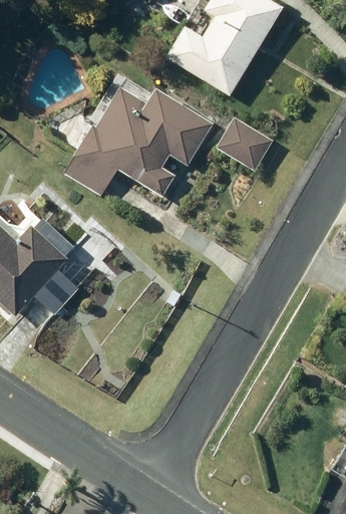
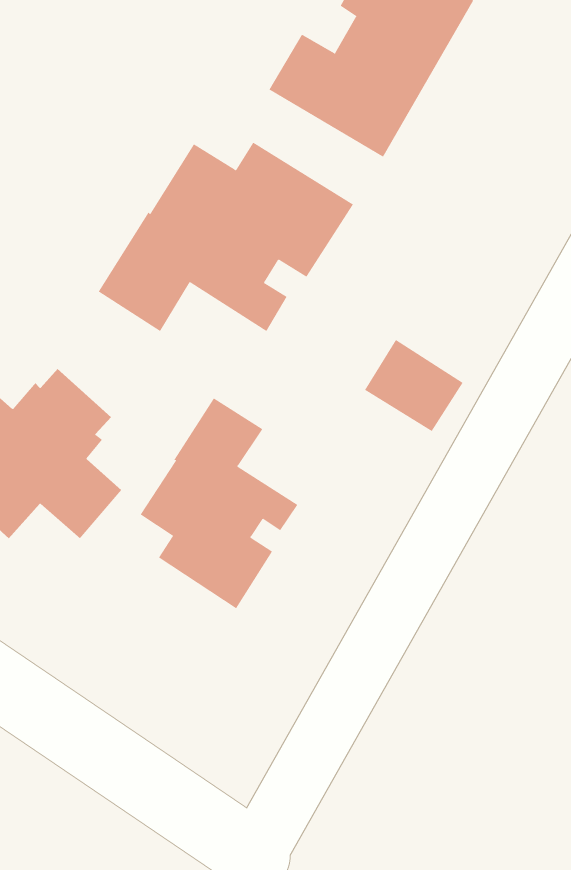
building: [217,117,274,171] -> [364,339,464,432]
building: none -> [140,397,298,609]

